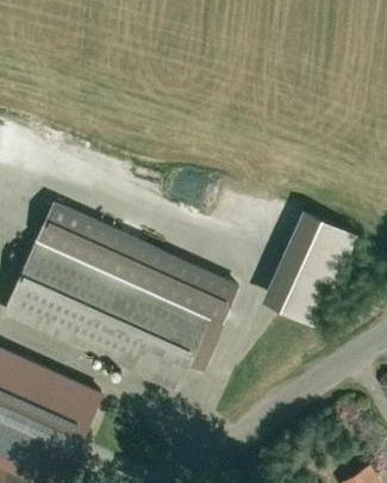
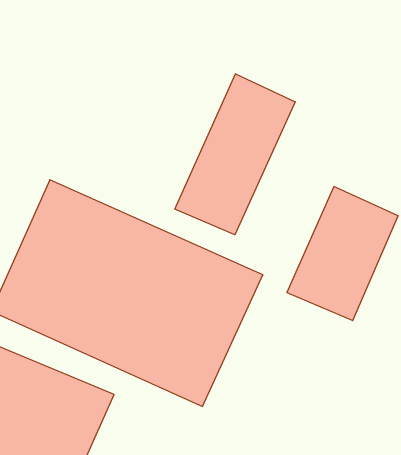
building: none -> [175,74,295,235]

